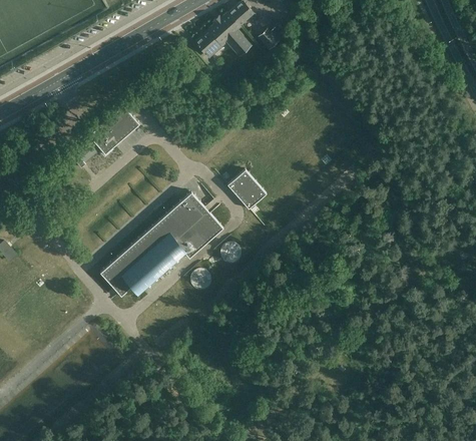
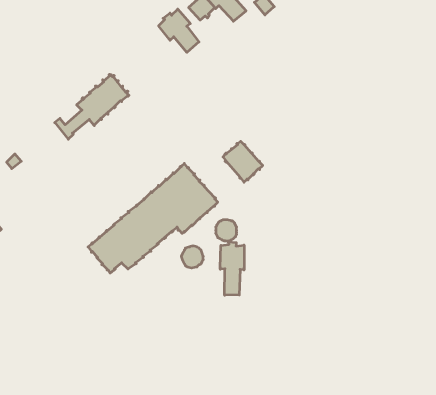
building: none -> [159,9,199,52]
building: none -> [220,242,244,295]

